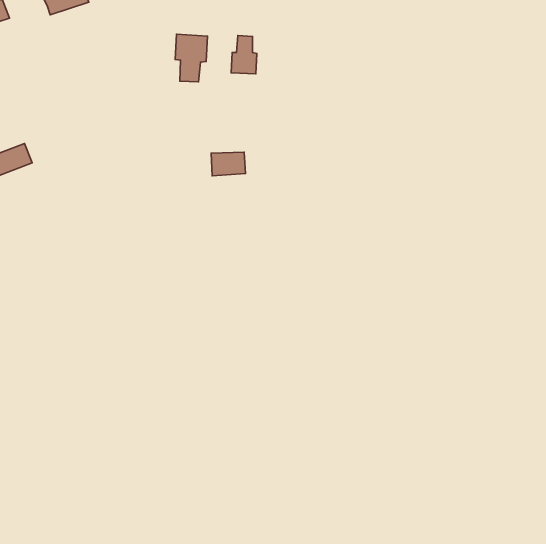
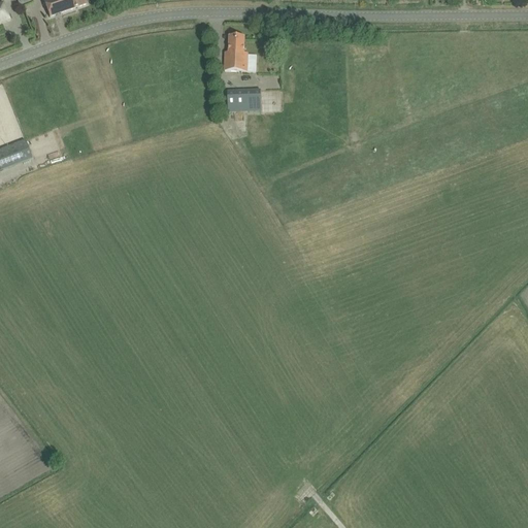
building: [175,34,207,82] -> none
building: [211,152,245,176] -> [227,88,260,110]

